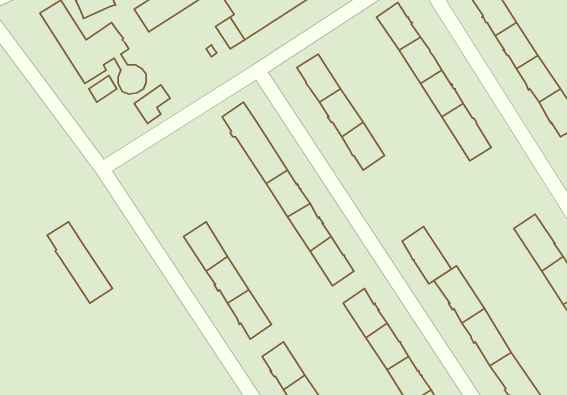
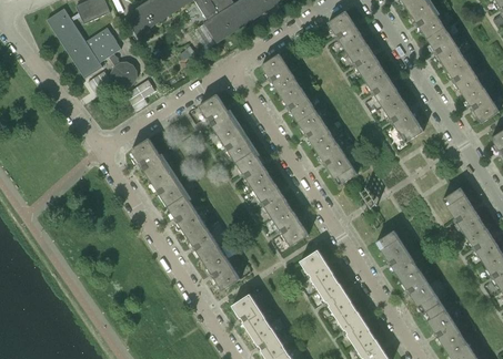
building: [47,222,113,303] -> [131,137,185,205]
building: [402,227,451,284] -> [316,137,358,185]

